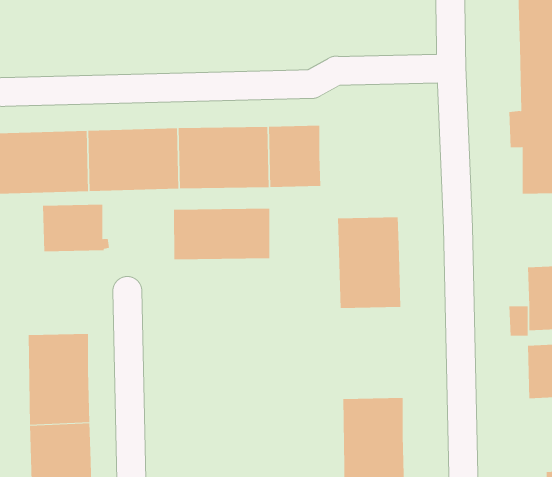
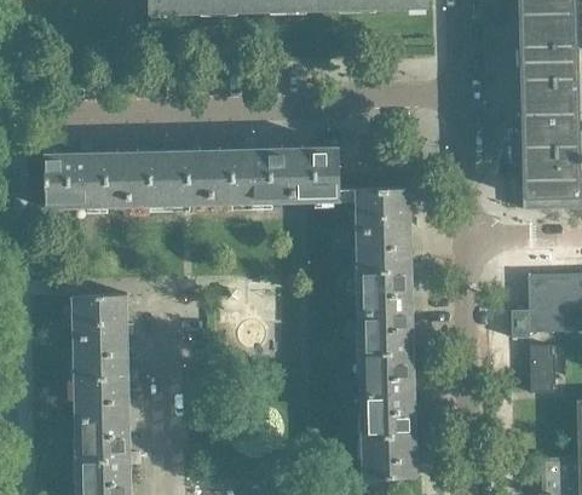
building: none -> [355,186,415,230]
building: [42,204,110,252] -> [71,293,133,336]
building: [174,208,270,260] -> none
building: none -> [357,311,415,395]

